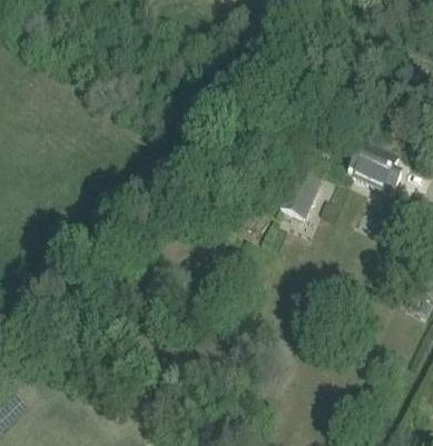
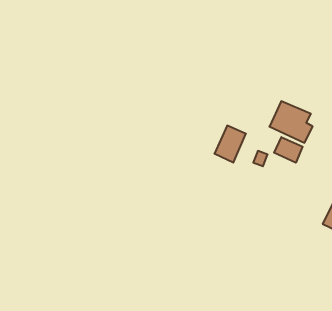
building: none -> [274,137,303,163]

